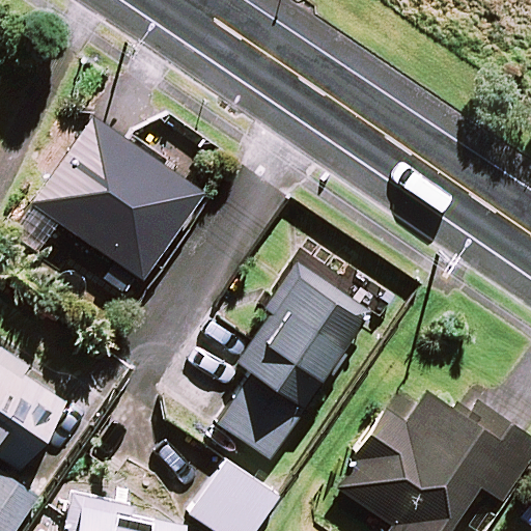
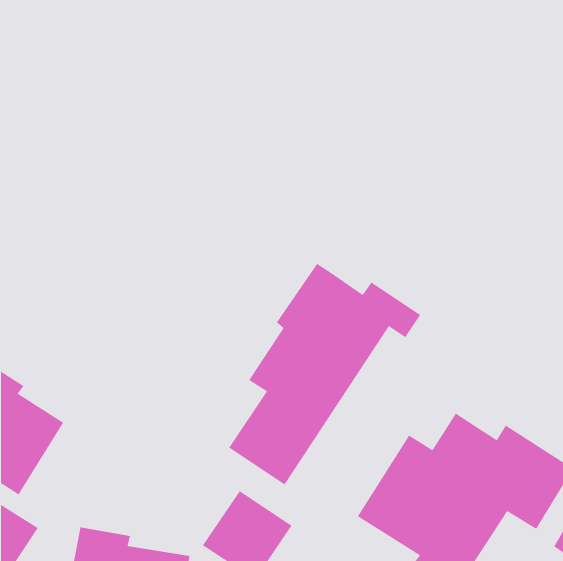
building: [33,117,203,279] -> none

